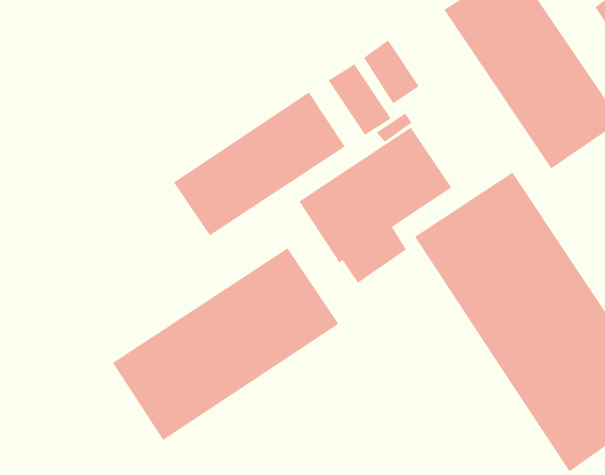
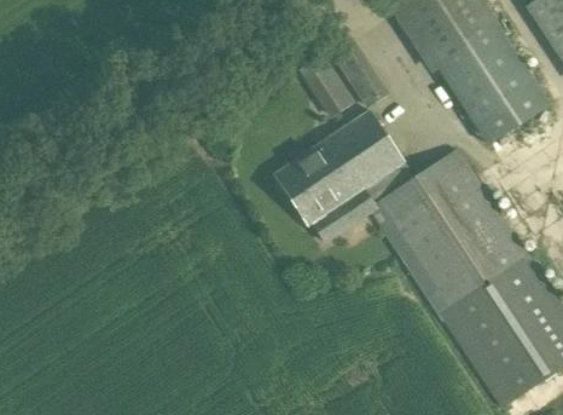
building: [173,92,345,236] -> none
building: [112,247,339,441] -> none

